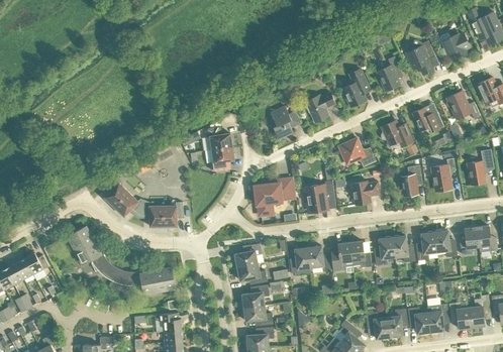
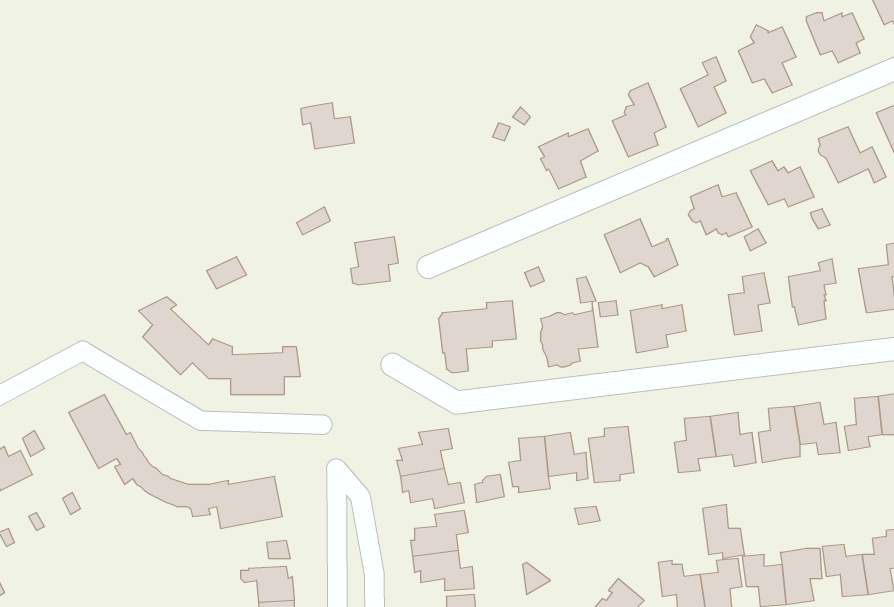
building: [271,106,300,140] -> none
building: [205,126,232,149] -> [301,103,355,149]
building: [350,240,372,267] -> [703,505,745,559]

